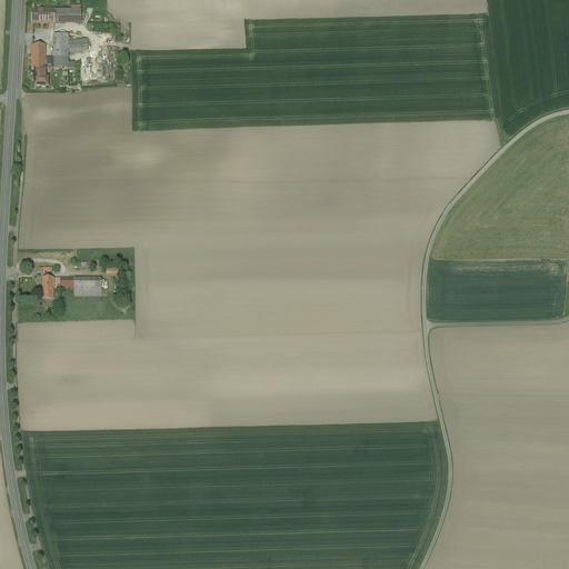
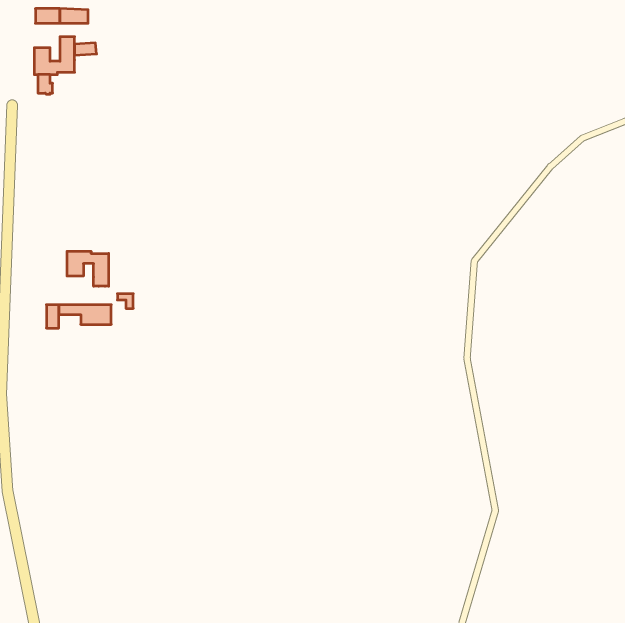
building: none -> [67,251,109,286]

